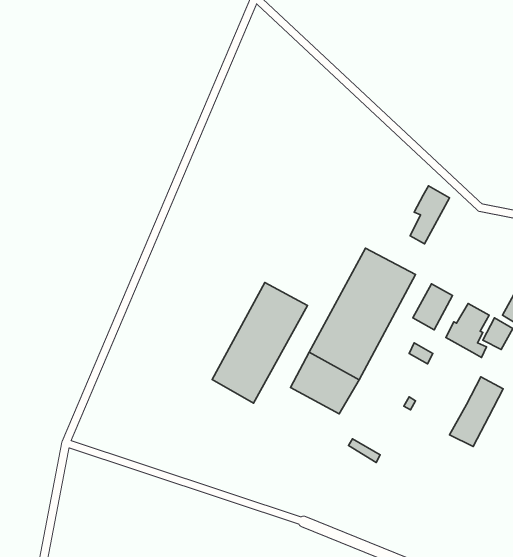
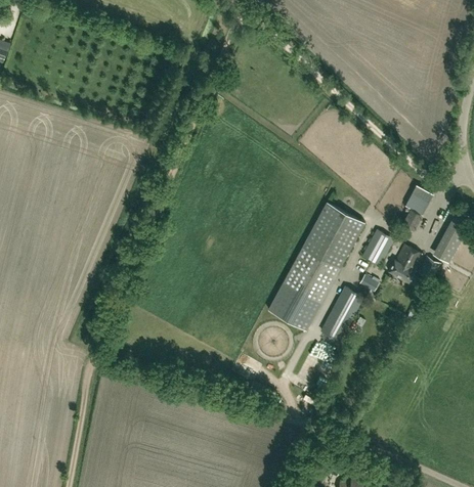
building: [410,186,450,244] -> [401,186,432,231]
building: [212,283,307,403] -> none
building: [449,377,503,447] -> [319,287,361,342]

